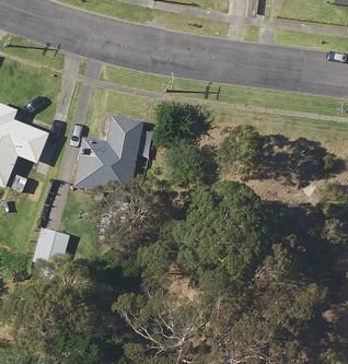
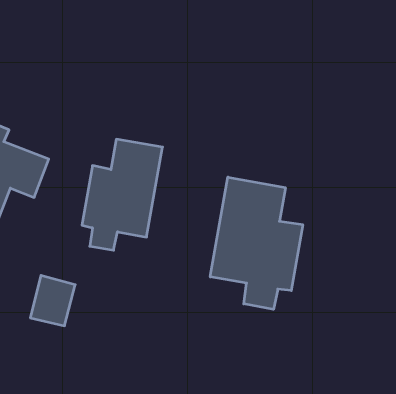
building: none -> [210,177,303,309]

